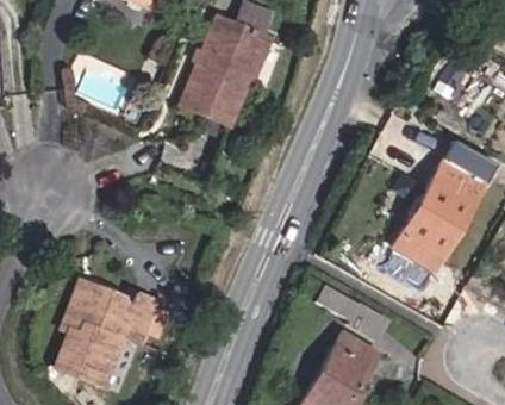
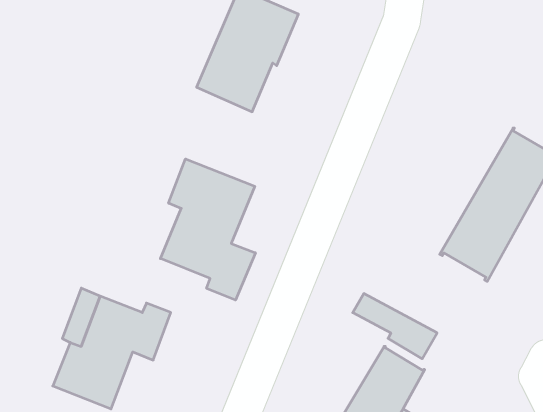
building: none -> [160,159,255,300]

